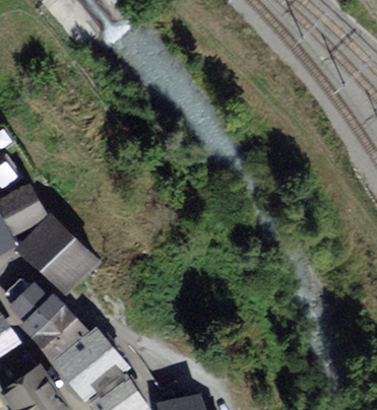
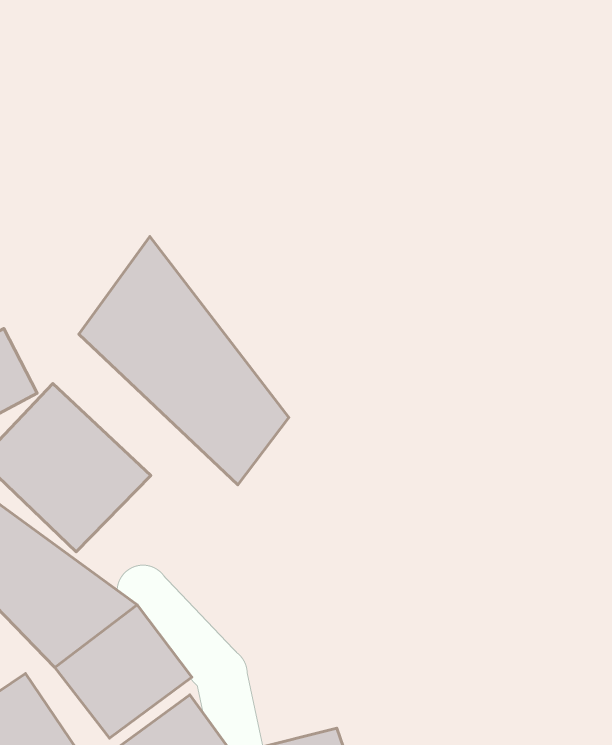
building: none -> [79,237,289,485]

